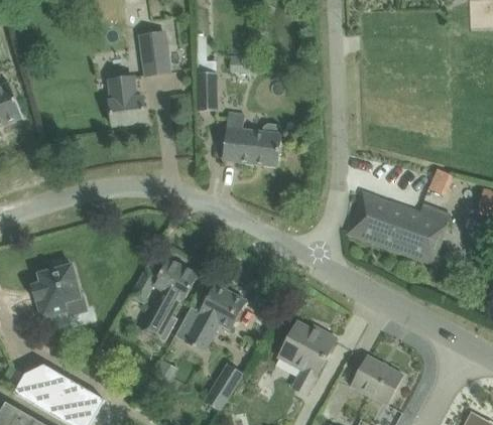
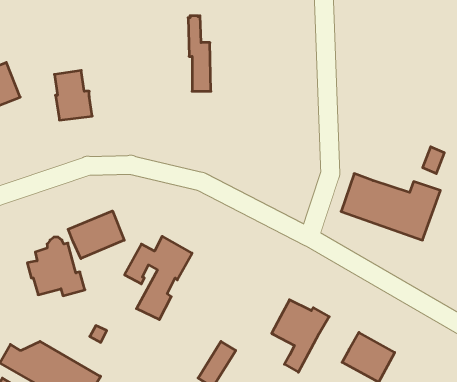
building: [138,31,171,78] -> none
building: [108,76,146,126] -> [54,70,92,120]
building: [223,113,281,166] -> none
building: none -> [68,211,124,259]
building: [174,284,246,348] -> none

